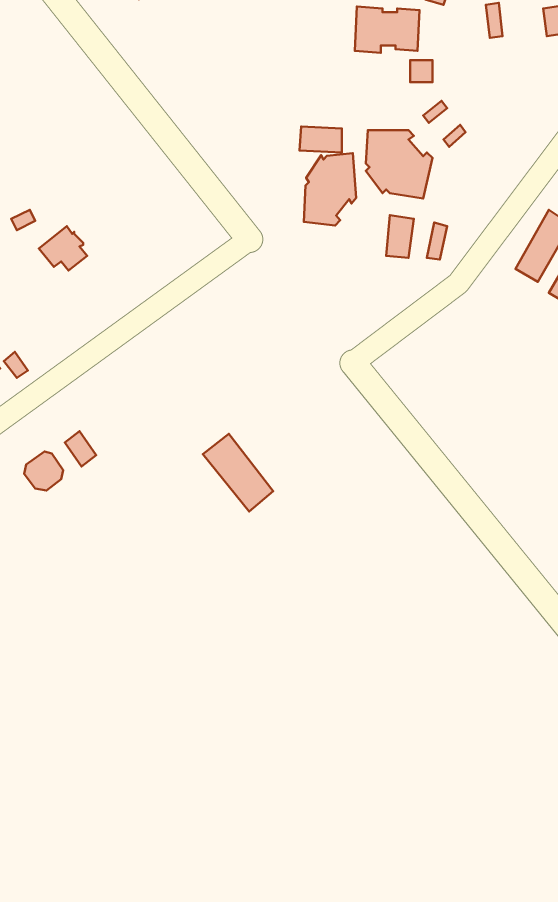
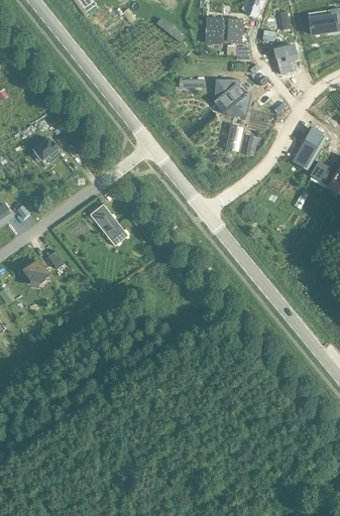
building: none -> [273,44,297,74]
building: [304,153,356,226] -> none
building: [203,434,273,512] -> [89,203,127,245]

